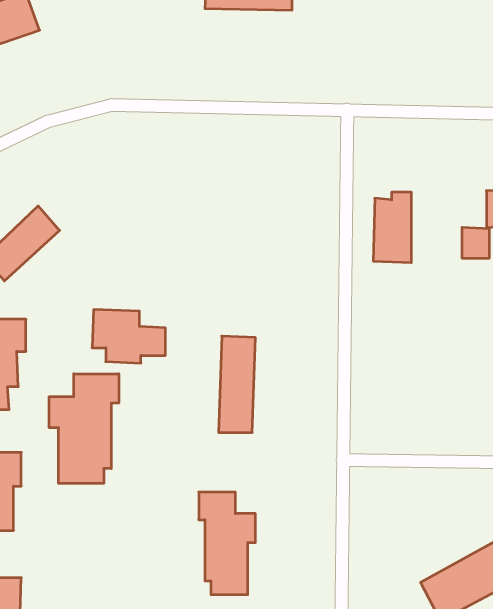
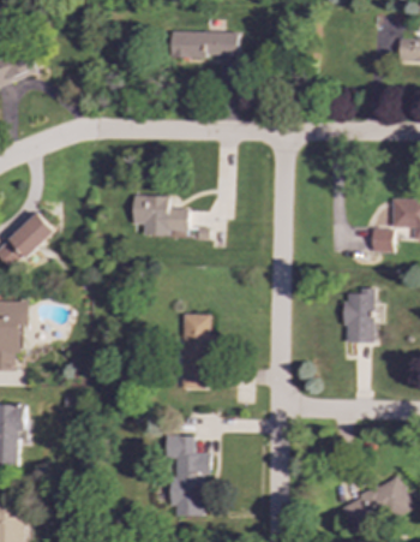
building: [373,192,411,263] -> [344,287,374,343]
building: [92,310,165,363] -> [131,193,188,236]
building: [49,374,119,483] -> none

